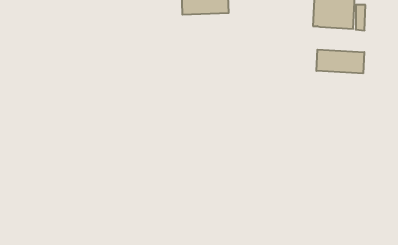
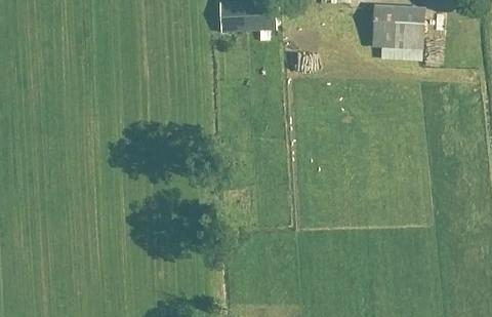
building: [316,50,364,73] -> none

